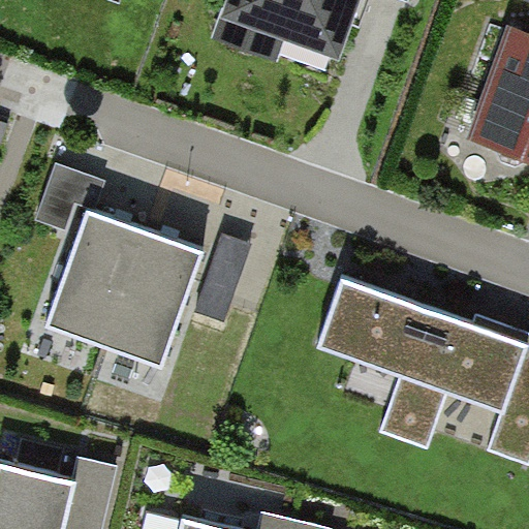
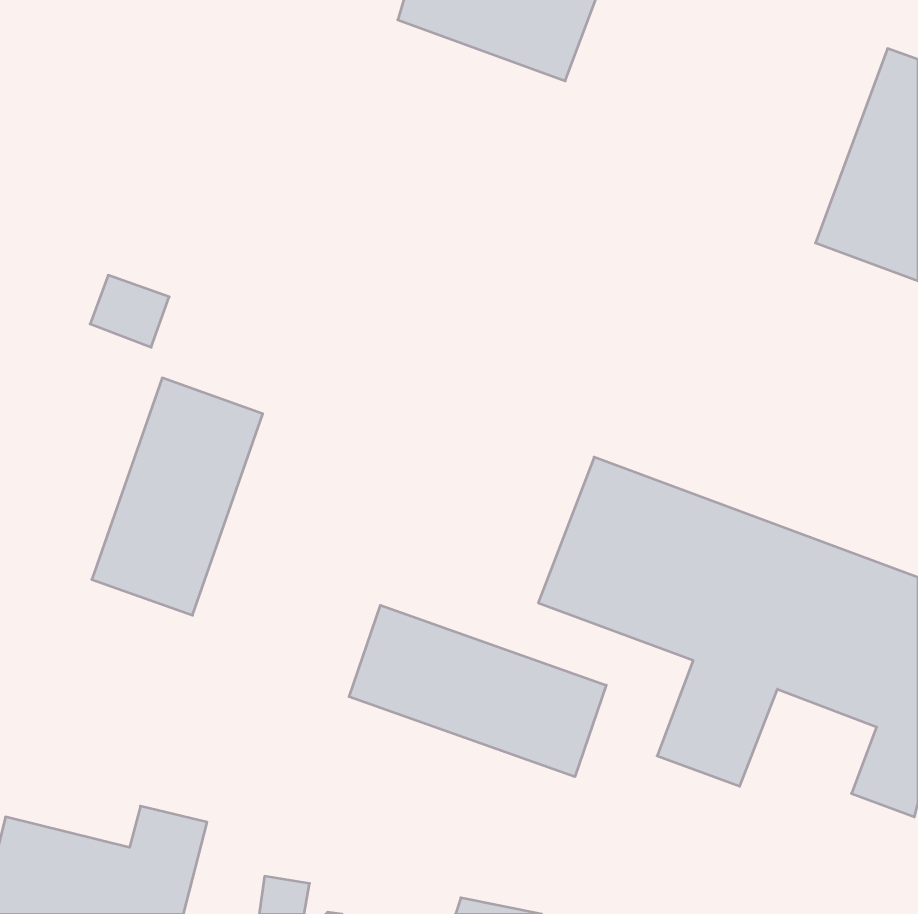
building: [111,238,210,374] -> none
building: none -> [349,605,606,777]

